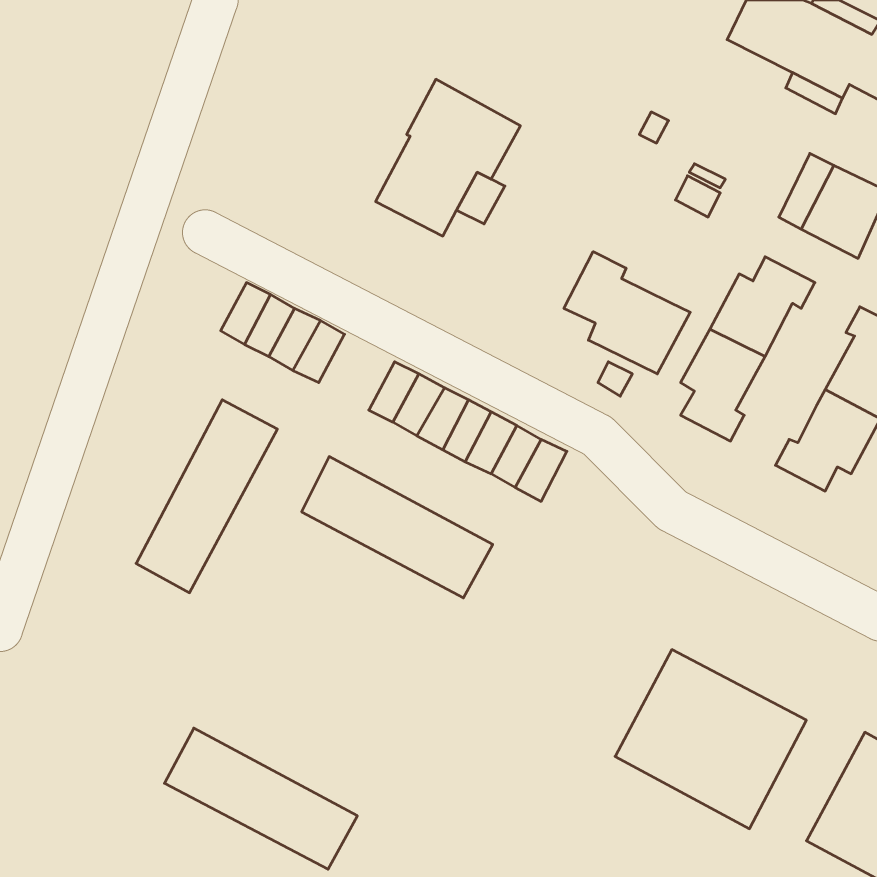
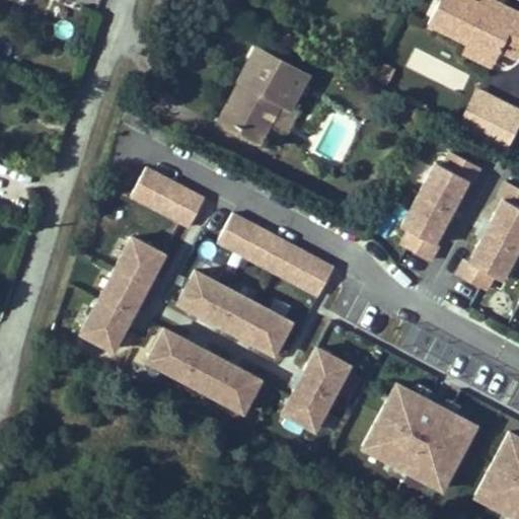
building: [564,252,690,374] -> none
building: none -> [284,349,350,430]
building: [164,728,357,869] -> [148,328,262,412]

